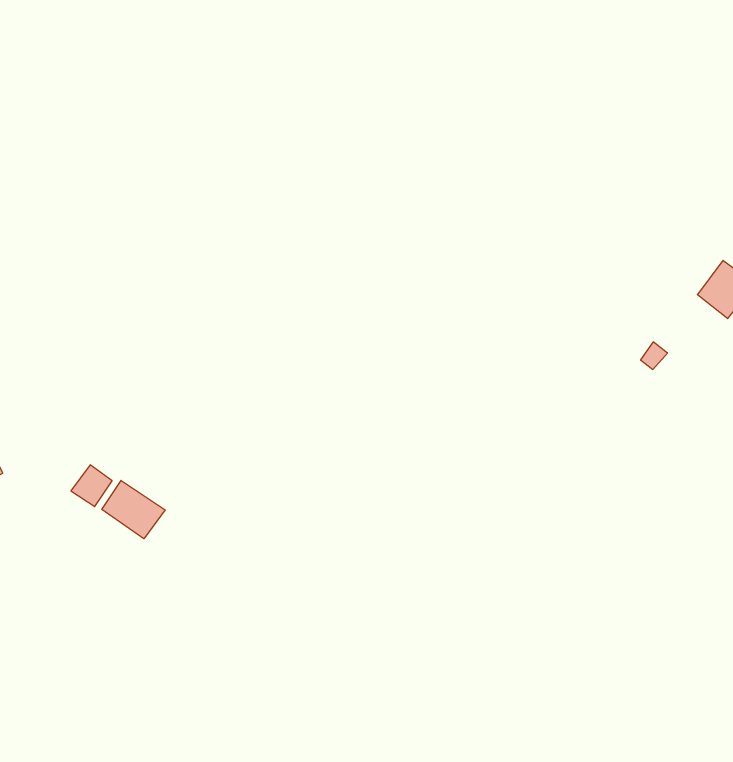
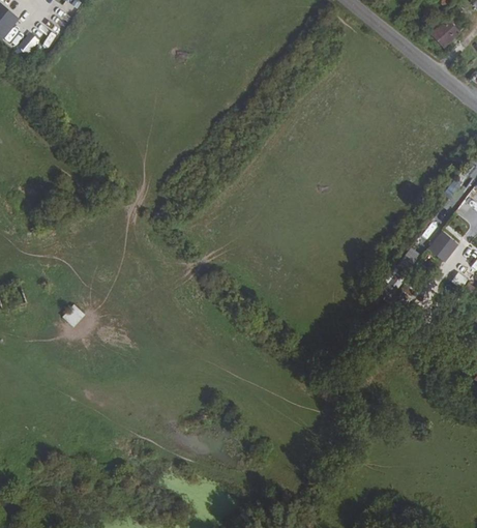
building: [102,480,165,539] -> none

